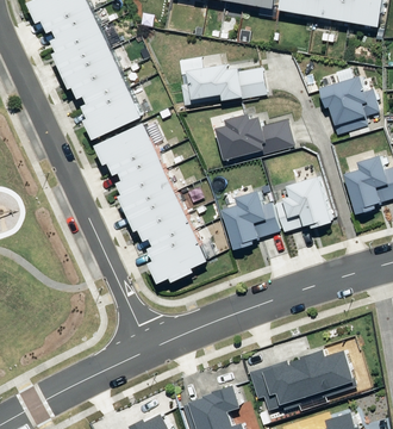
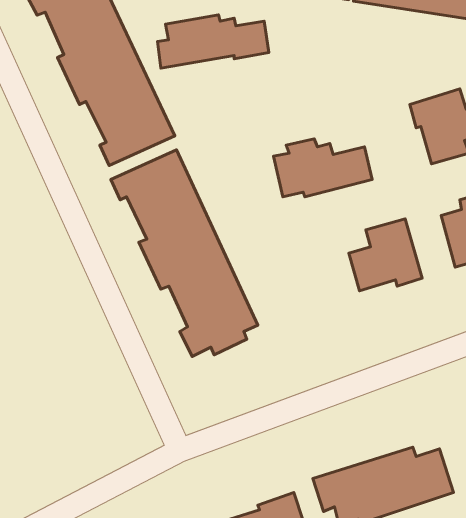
building: [180,66,264,106] -> [158,15,269,68]
building: [223,192,277,250] -> none

